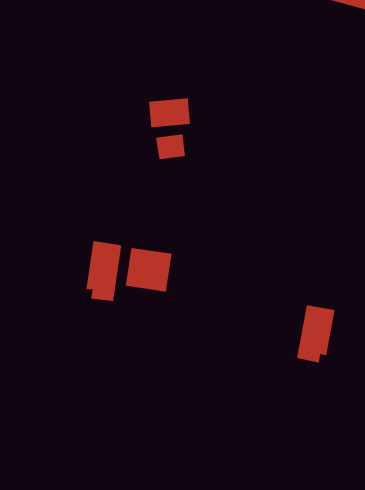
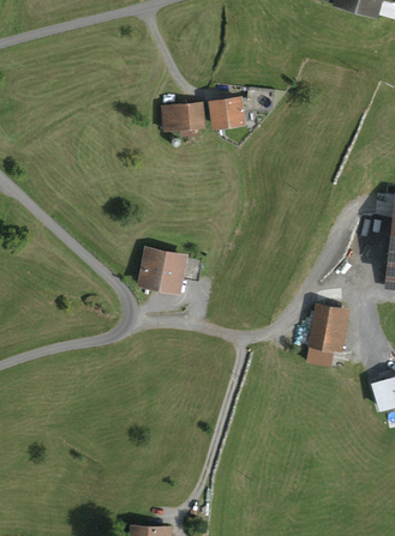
building: [155,133,186,160] -> [210,98,240,125]
building: [86,240,122,302] -> none

